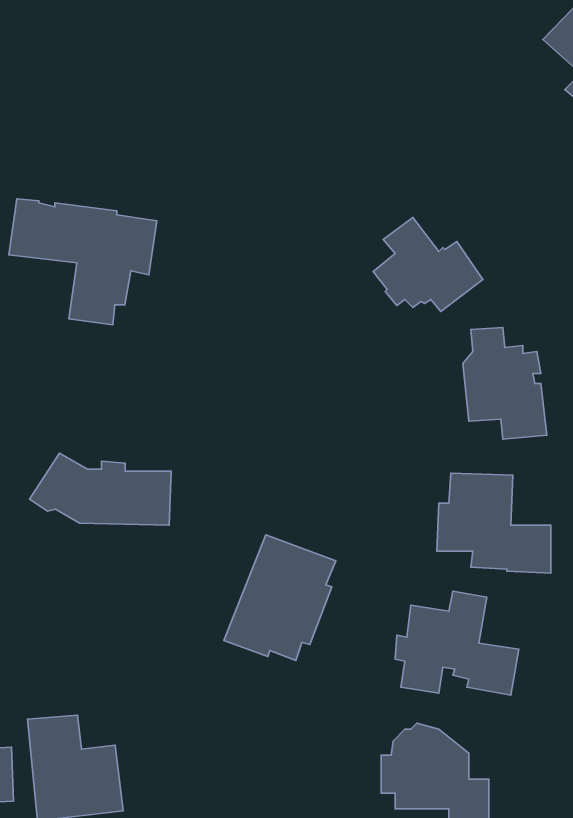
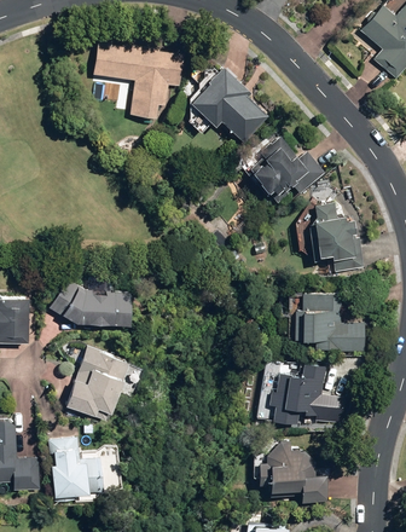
building: none -> [192,65,269,141]
building: [9,199,157,325] -> [93,41,182,117]
building: [224,535,336,661] -> [63,345,130,421]

